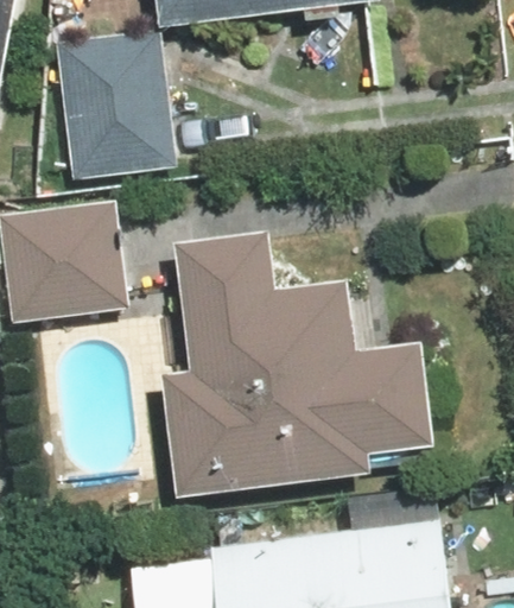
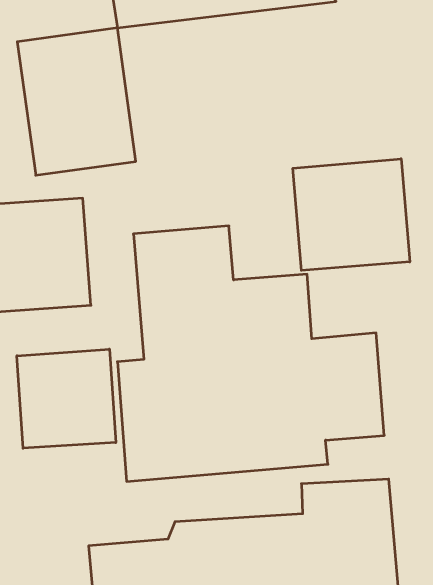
building: none -> [293,159,410,270]
building: none -> [17,349,116,448]

